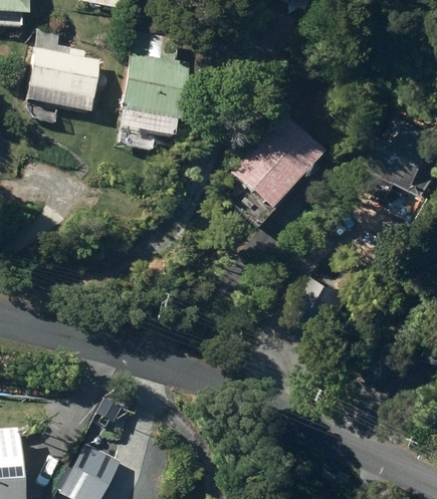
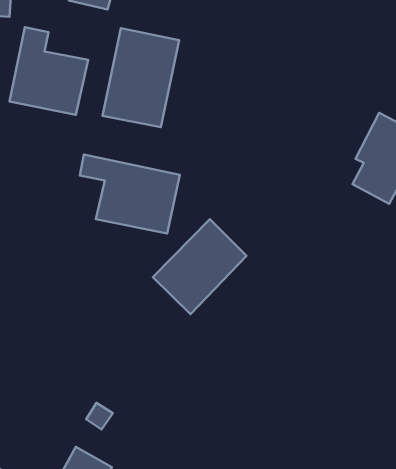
building: [228,121,320,215] -> [153,219,247,314]
building: none -> [80,154,180,233]

